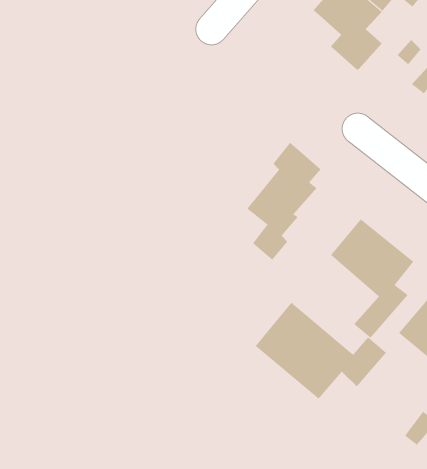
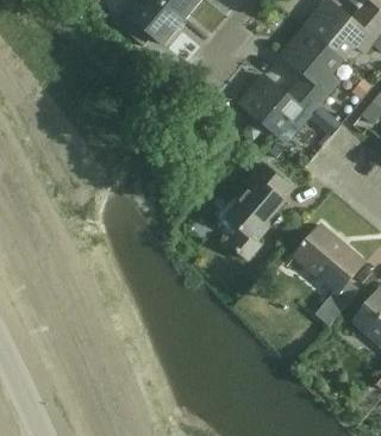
building: none -> [239,75,341,133]
building: [255,302,387,400] -> none

